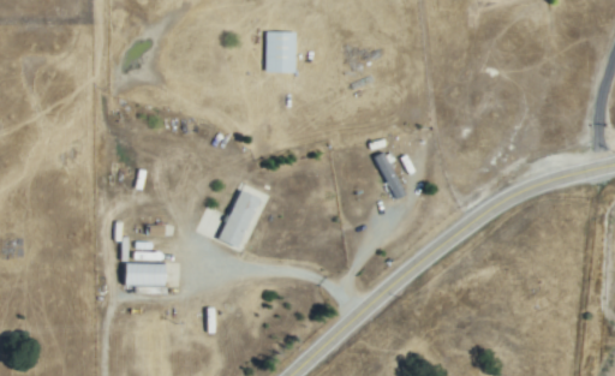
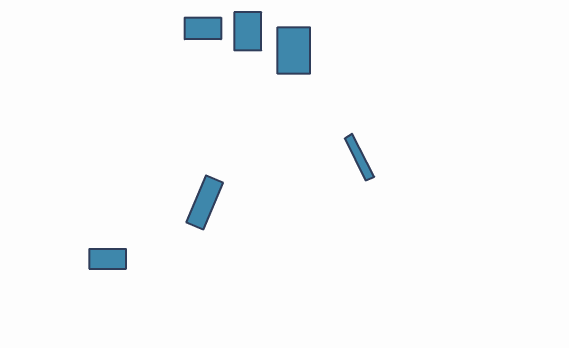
building: none -> [185,18,221,39]
building: none -> [278,27,310,74]

